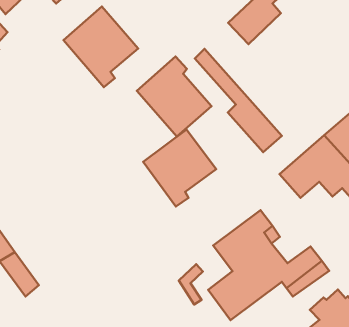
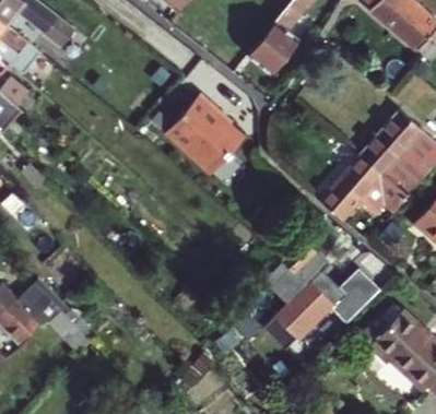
building: [63,7,138,87] -> none
building: [195,49,282,152] -> none
building: [143,129,216,206] -> none

